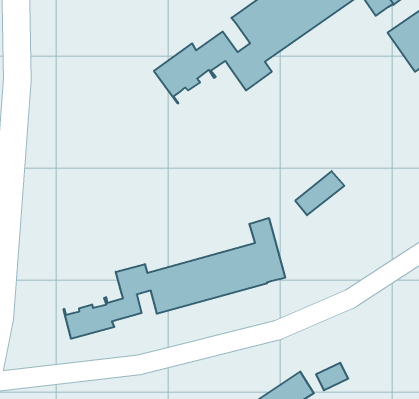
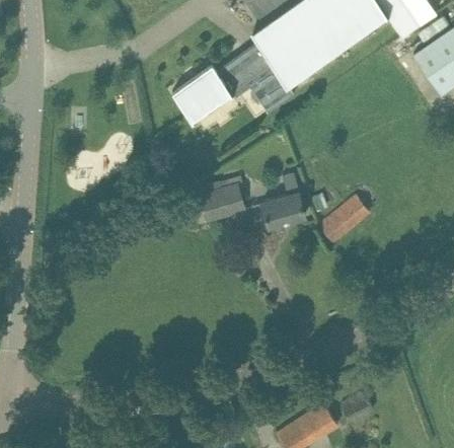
building: none -> [261,175,304,229]
building: none -> [200,184,246,224]
building: [64,218,285,339] -> none

